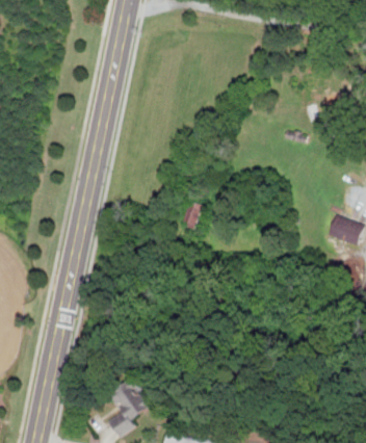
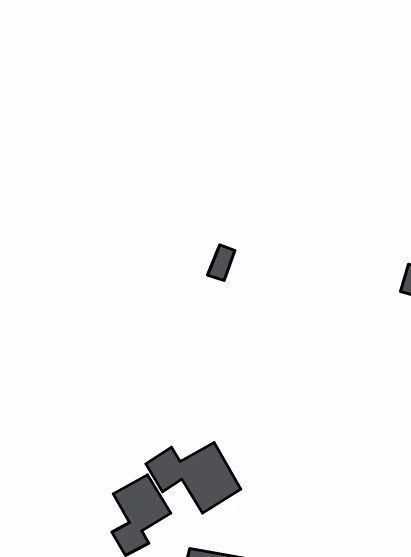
building: none -> [146,443,241,513]

